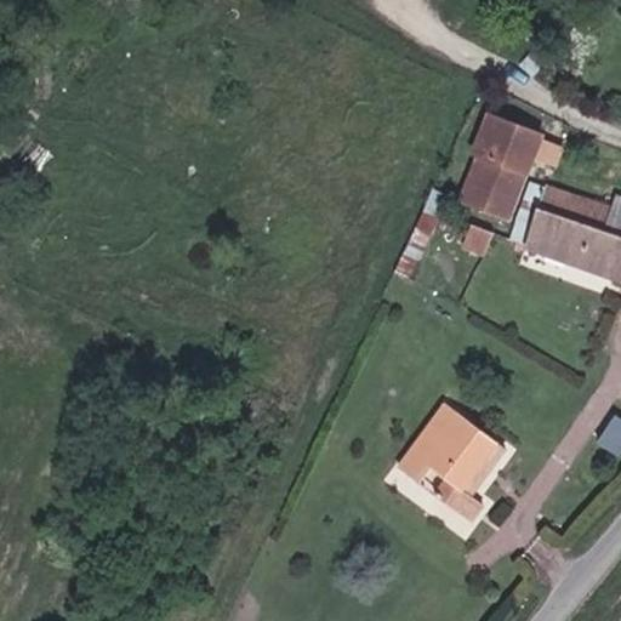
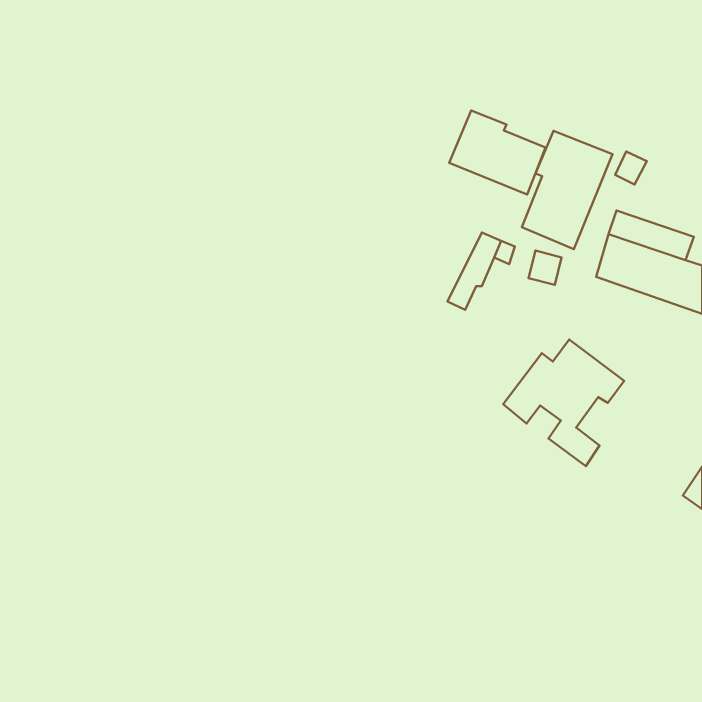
building: none -> [449,111,546,195]
building: [398,412,505,524] -> [503,339,624,466]

